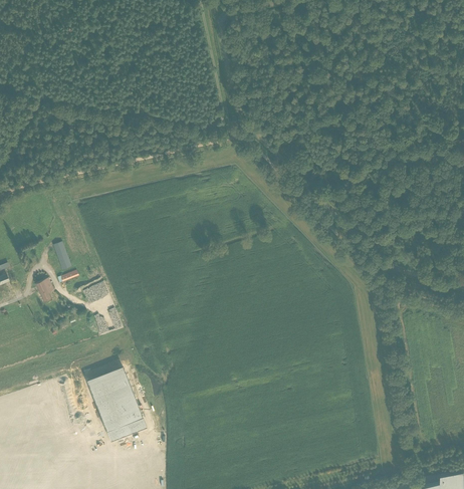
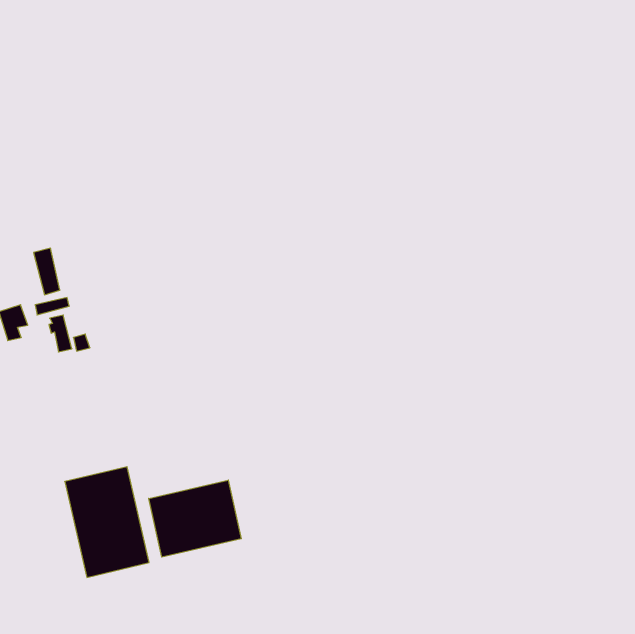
building: none -> [149,480,241,557]

